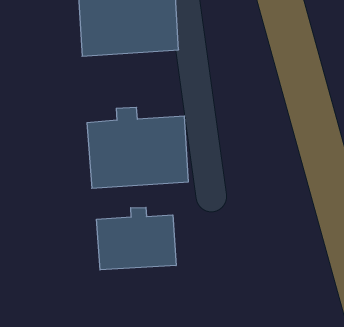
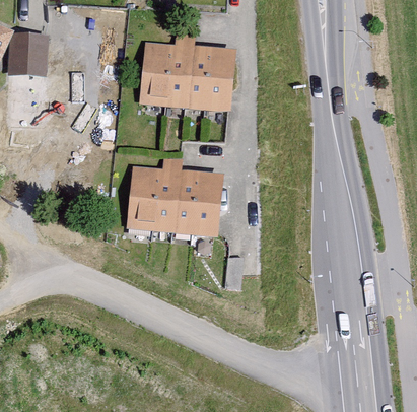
building: [97,207,176,270] -> none

